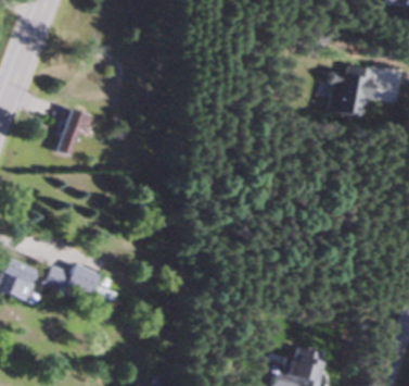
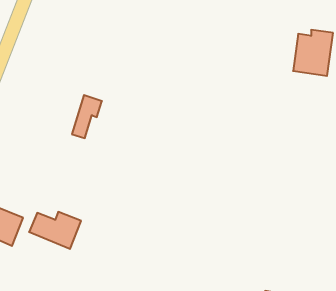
building: [59,109,91,155] -> [72,95,102,138]

